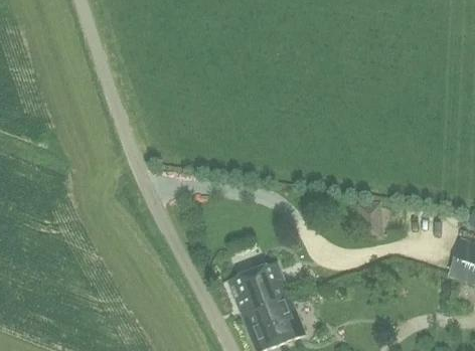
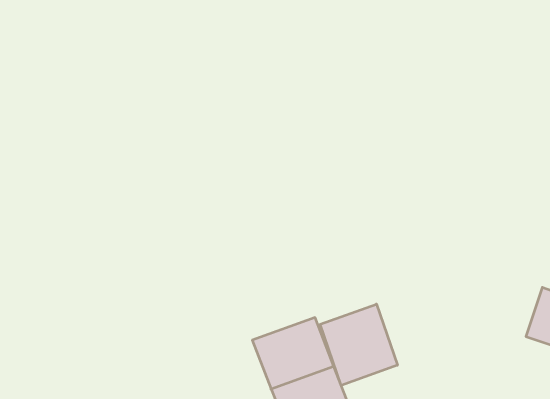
building: none -> [320,304,397,385]

